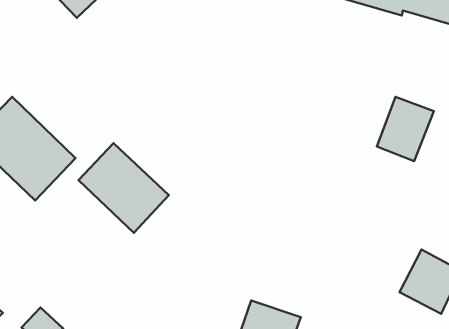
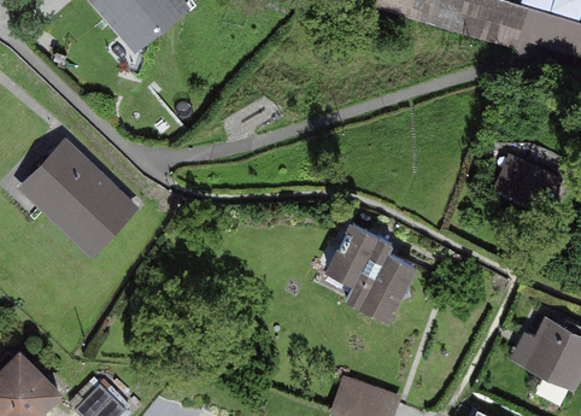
building: [78,143,169,233] -> none
building: none -> [323,219,418,323]

